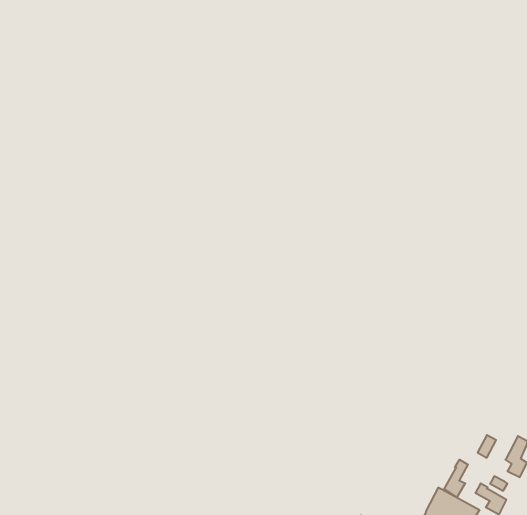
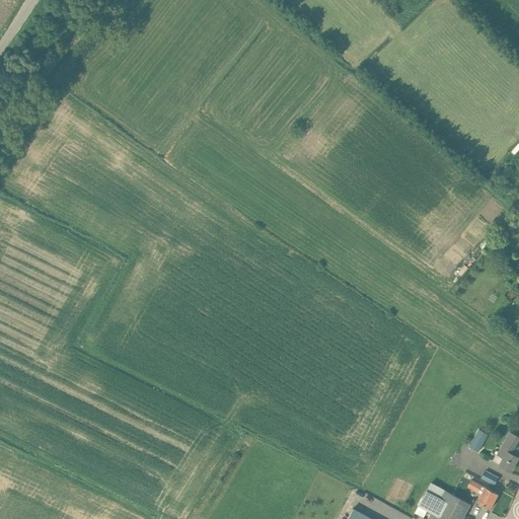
building: [444,460,468,497] -> none

